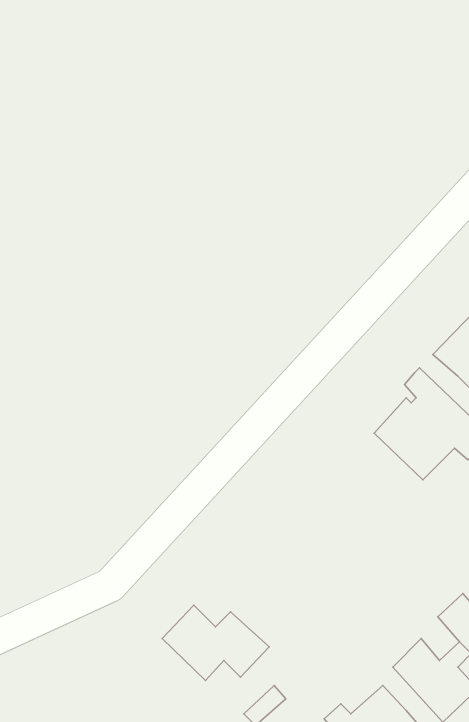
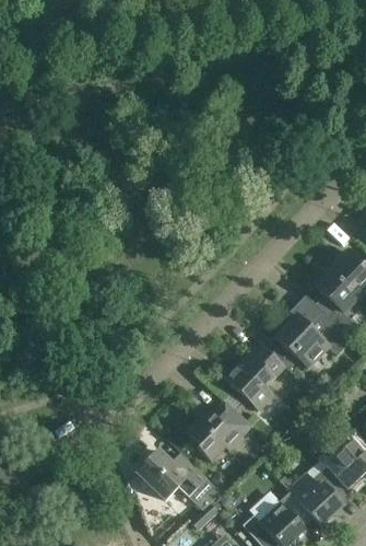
building: none -> [226,341,286,409]
building: none -> [186,398,253,461]

